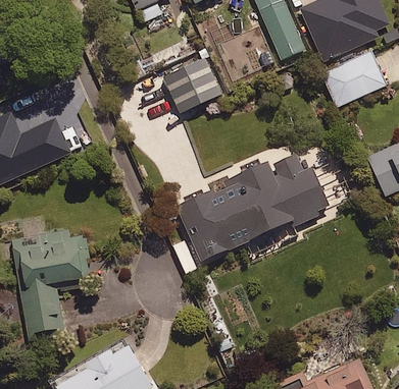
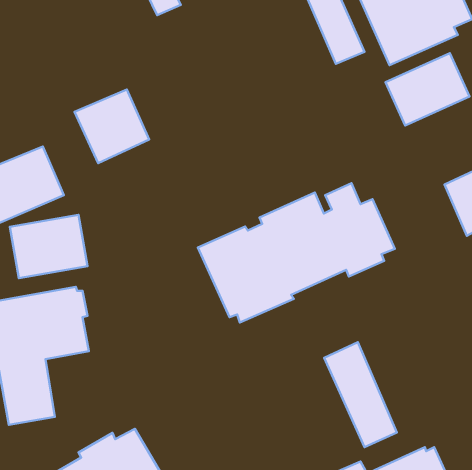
building: [163,57,221,114] -> [74,90,149,163]
building: none -> [10,215,87,278]
building: none -> [324,342,397,447]

